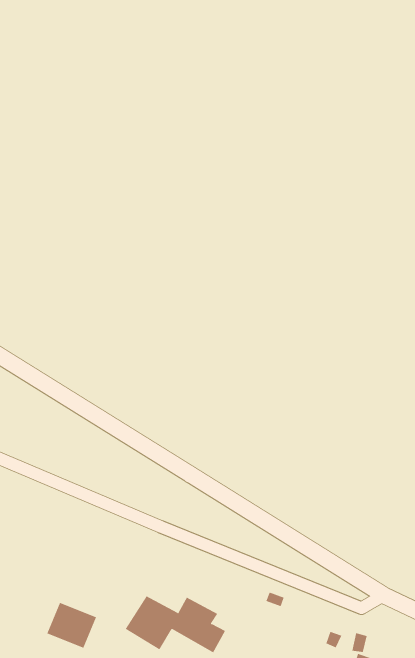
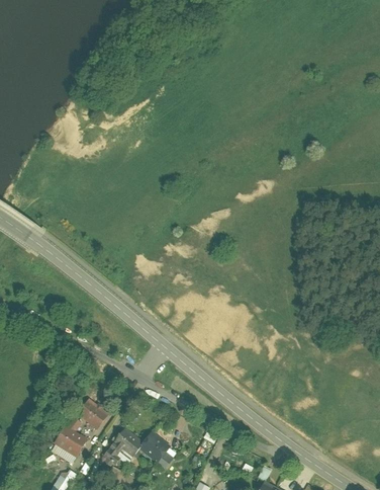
building: none -> [77,398,109,429]

